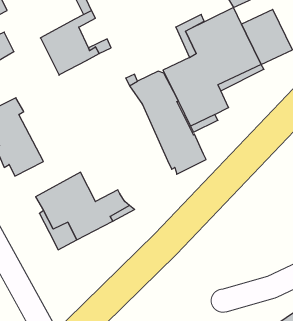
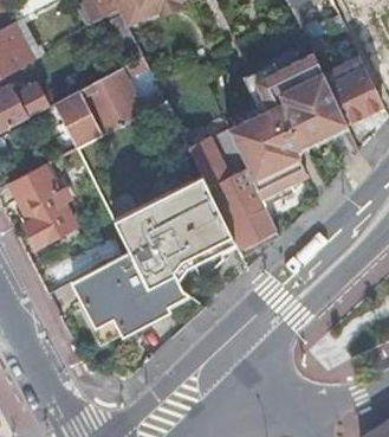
building: none -> [53,90,102,148]
building: none -> [109,171,238,288]

